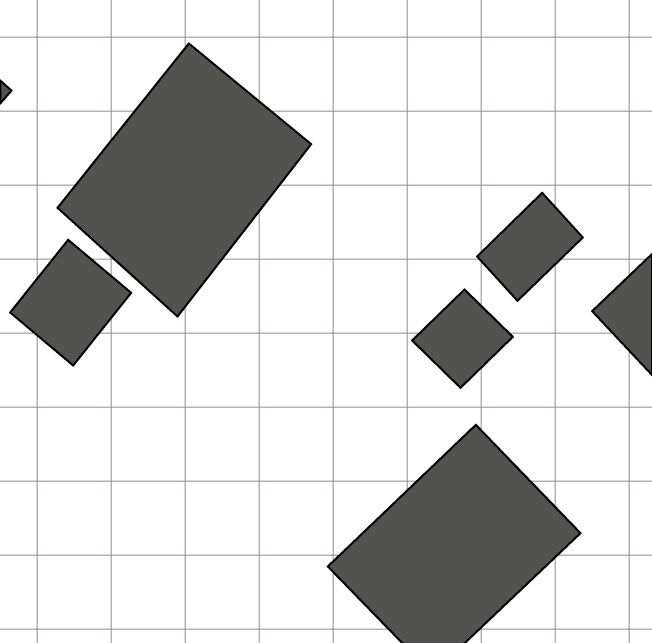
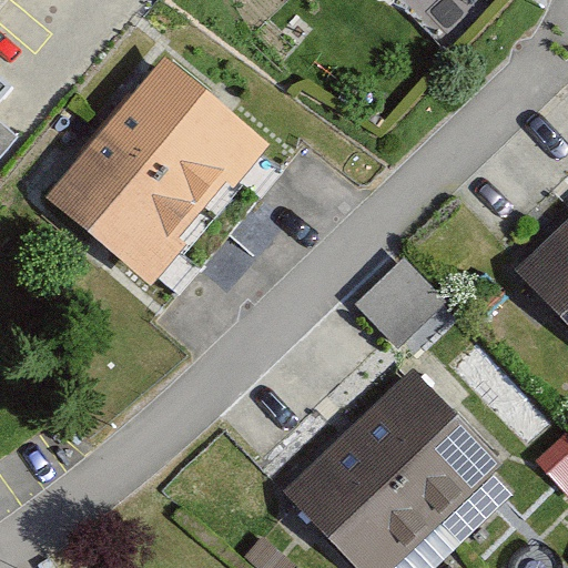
building: [477,193,583,301] -> none
building: [10,240,131,366] -> none

